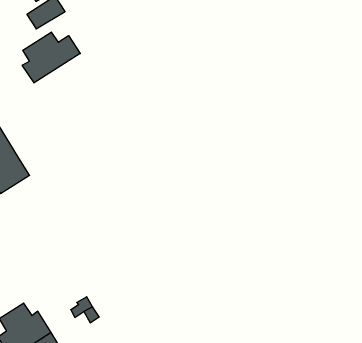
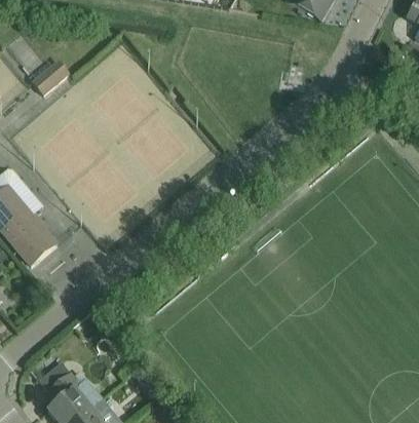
building: [22,32,80,83] -> none

